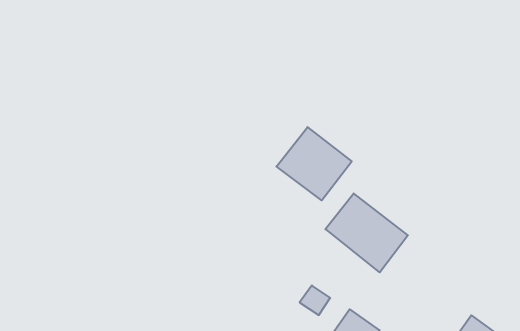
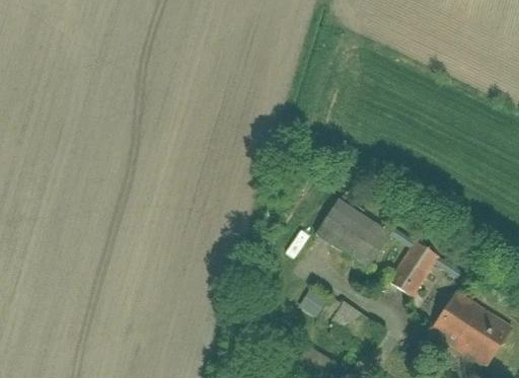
building: [276,127,352,200] -> none
building: none -> [391,241,438,295]

